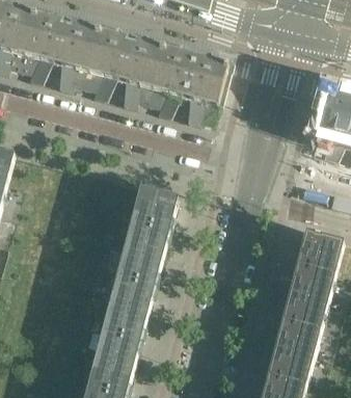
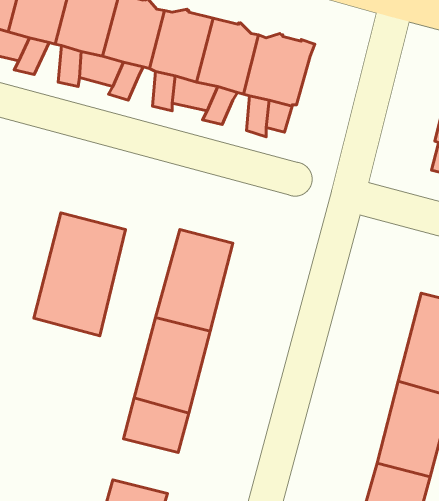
building: none -> [34,213,125,336]
building: [93,333,138,370] -> none

